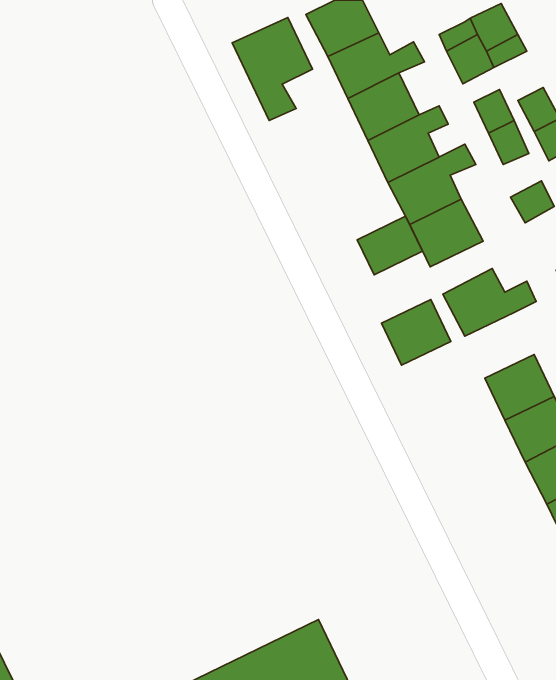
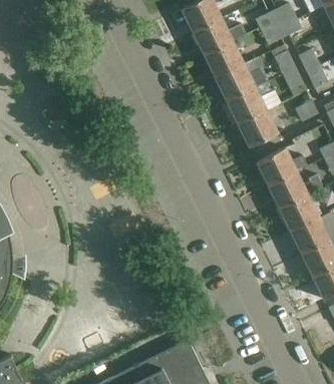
building: [232,17,312,120] -> none
building: [357,216,423,275] -> none
building: [381,300,451,365] -> [268,171,306,208]

